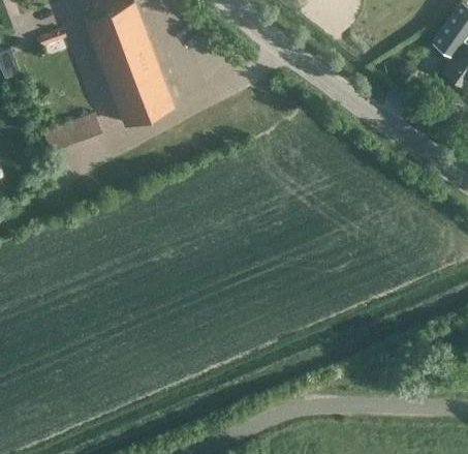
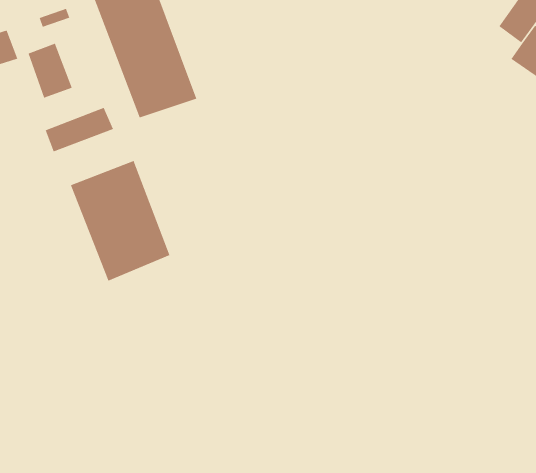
building: none -> [28,43,72,99]
building: none -> [70,160,170,282]

